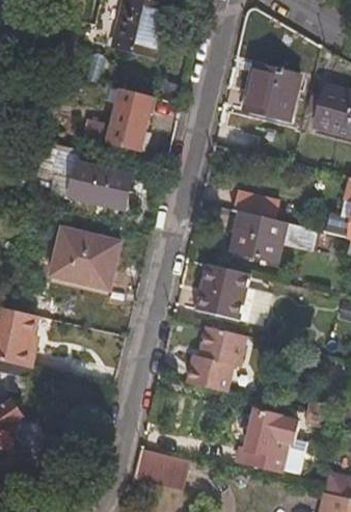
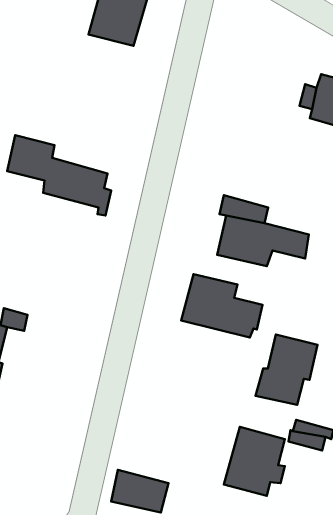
building: [247,61,300,115] -> none
building: [105,92,153,153] -> none
building: [51,227,118,291] -> none
building: [187,329,244,394] -> [255,335,318,405]

